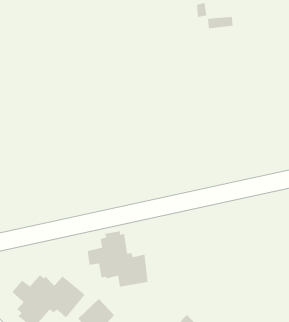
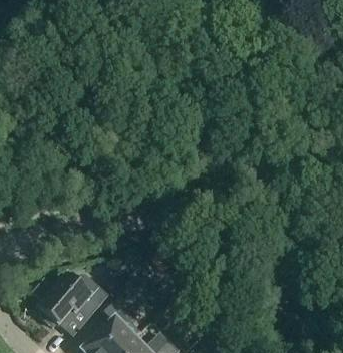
building: [87,231,148,288] -> none

